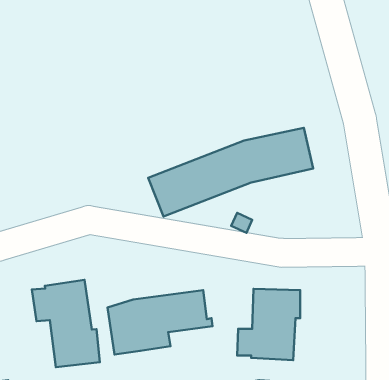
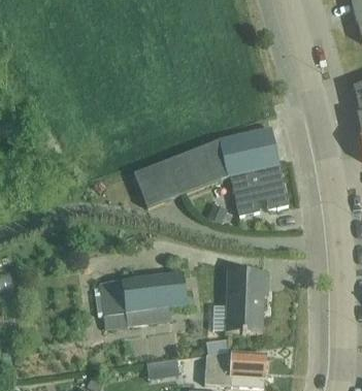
building: none -> [229,164,288,215]
building: [32,280,100,367] -> none

